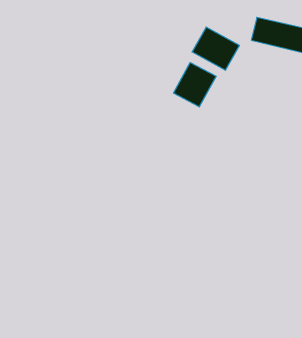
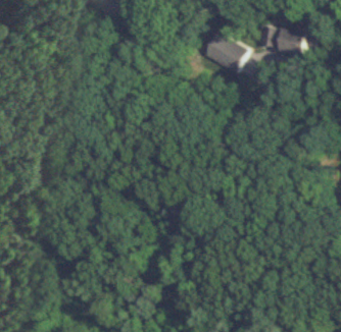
building: [174,63,216,107] -> none

